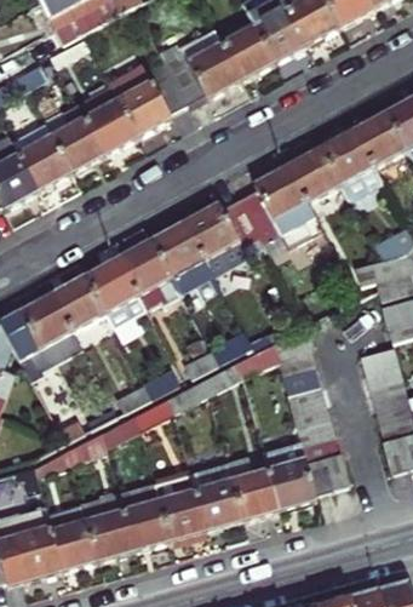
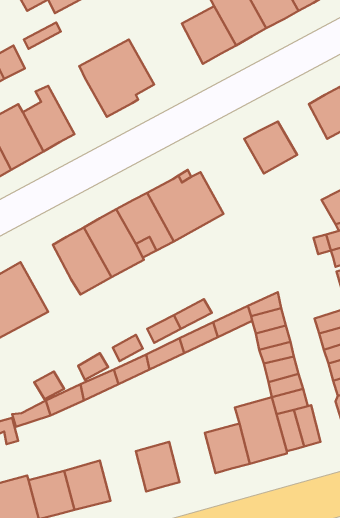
building: [155,33,237,109] -> none
building: [75,92,137,161] -> none
building: [316,130,377,197] -> none
building: [235,166,319,251] -> none
building: [46,277,99,332] -> none
building: [202,475,251,527] -> none
building: [130,494,178,546] -> none

